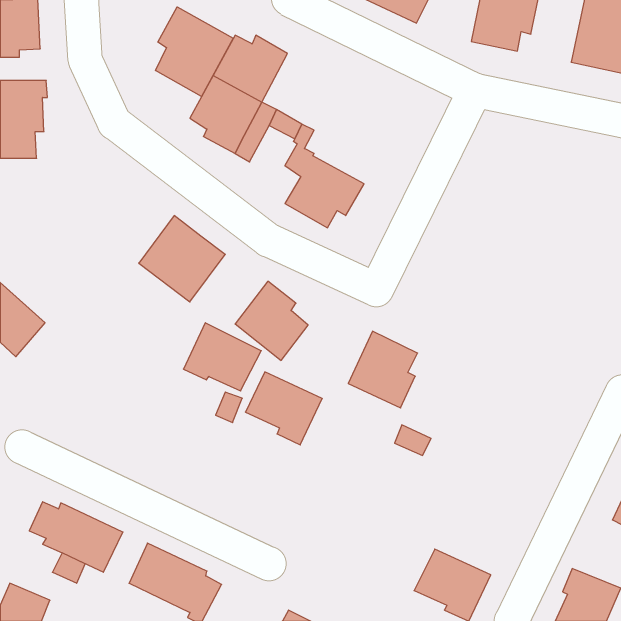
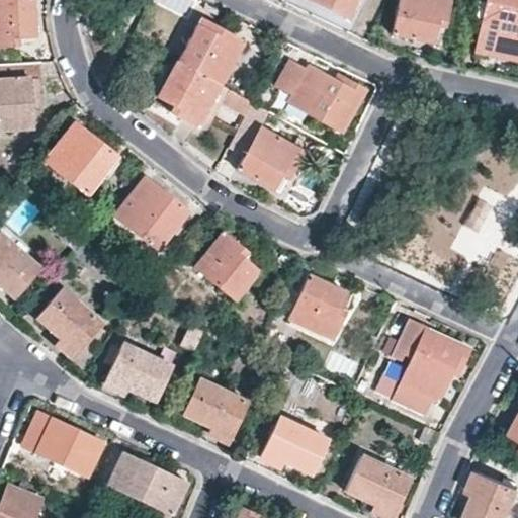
building: [156,7,233,97] -> none
building: none -> [273,63,362,131]
building: none -> [46,124,118,196]
building: [183,323,261,391] -> [106,343,171,400]
building: none -> [38,289,102,355]
building: [245,372,322,445] -> [183,379,247,440]
building: none -> [392,319,468,413]
building: none -> [261,417,326,473]

